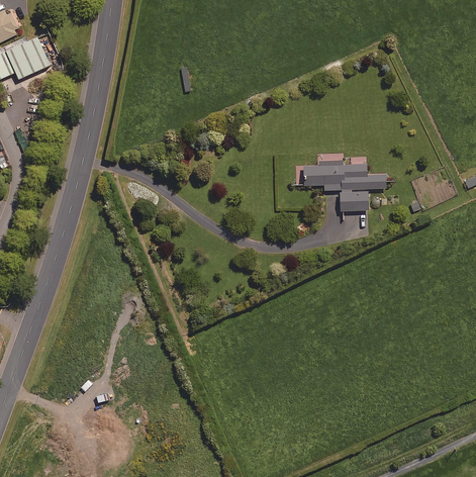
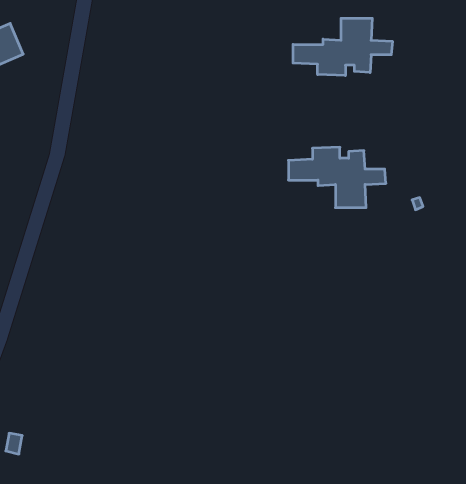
building: none -> [293,18,392,76]

